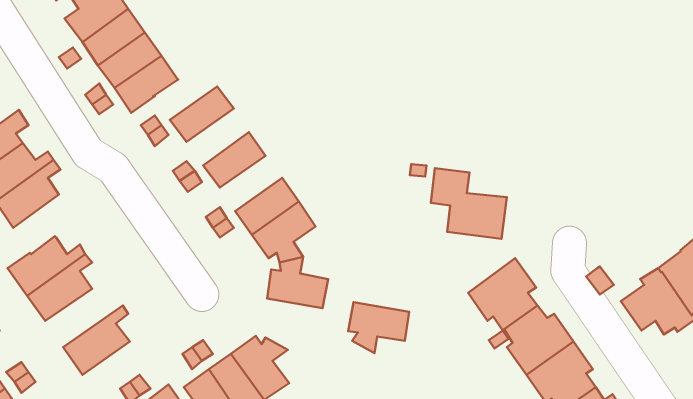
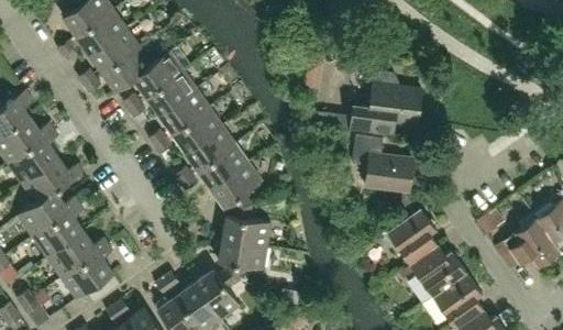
building: none -> [133,51,184,97]
building: none -> [327,72,422,136]
building: none -> [159,88,209,133]
building: none -> [186,125,235,169]
building: none -> [22,156,84,204]
building: none -> [47,231,109,277]
building: [348,302,409,353] -> [219,239,267,279]

